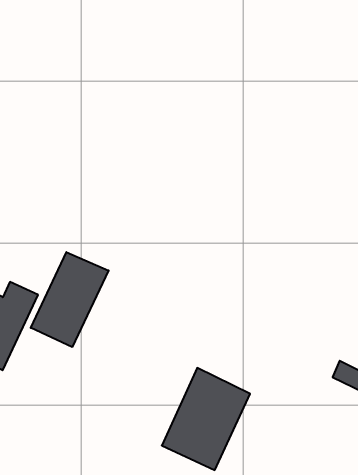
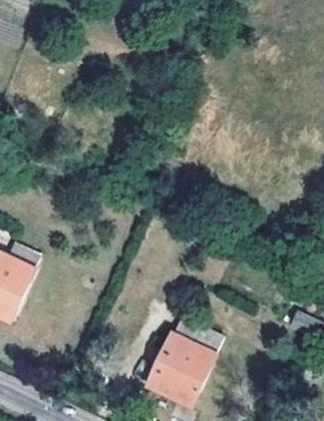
building: [31,252,109,347] -> none

